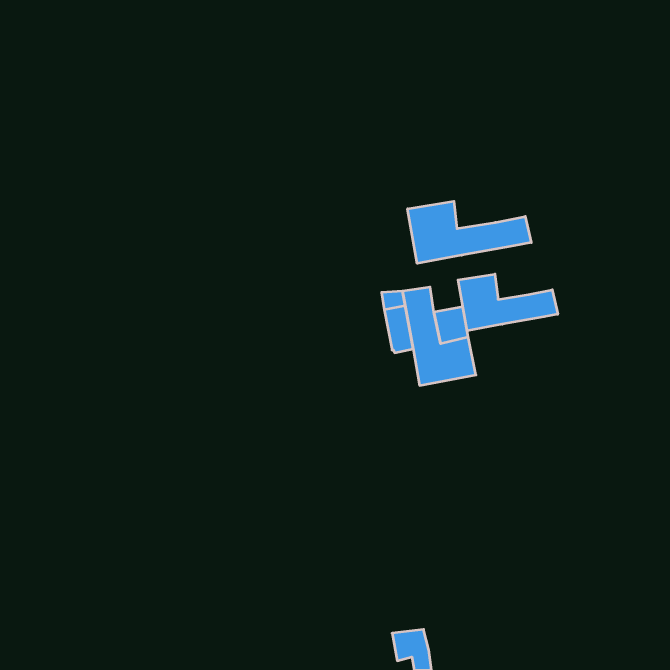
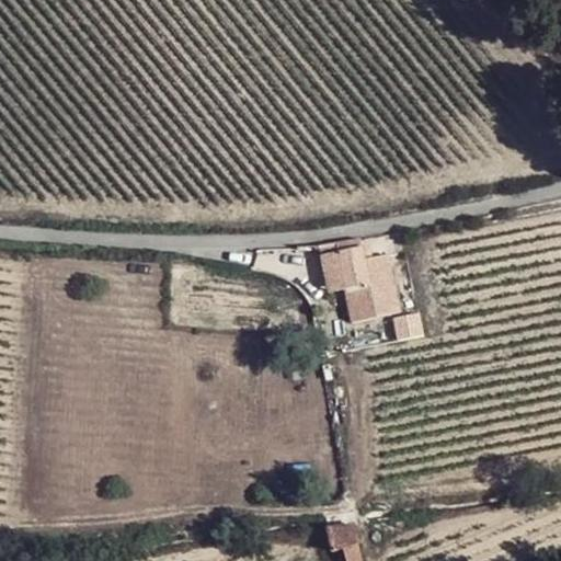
building: [408,201,531,263] -> none
building: [458,274,558,331] -> none

